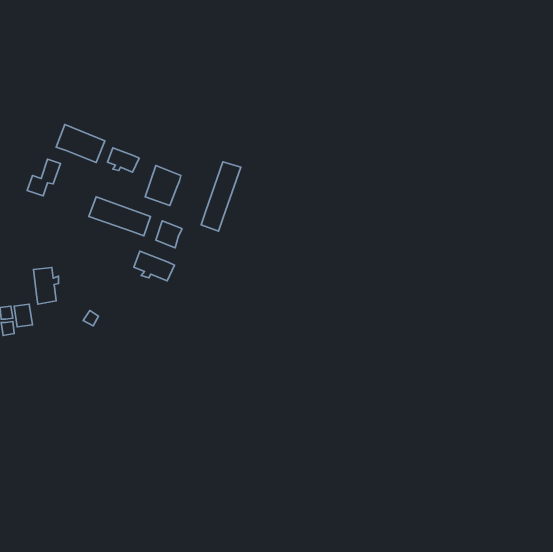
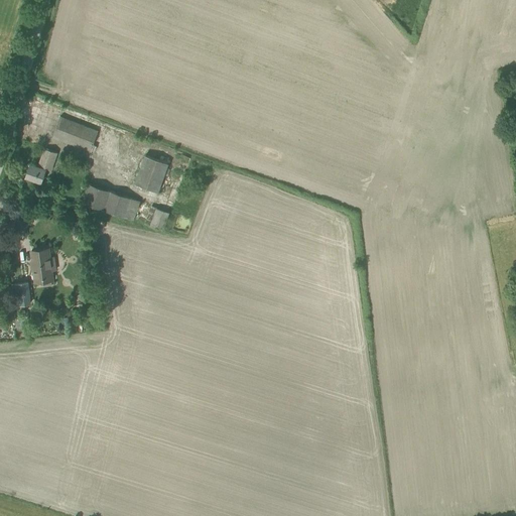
building: [107,148,139,172] -> none
building: [201,162,241,231] -> none
building: [134,251,175,281] -> none

